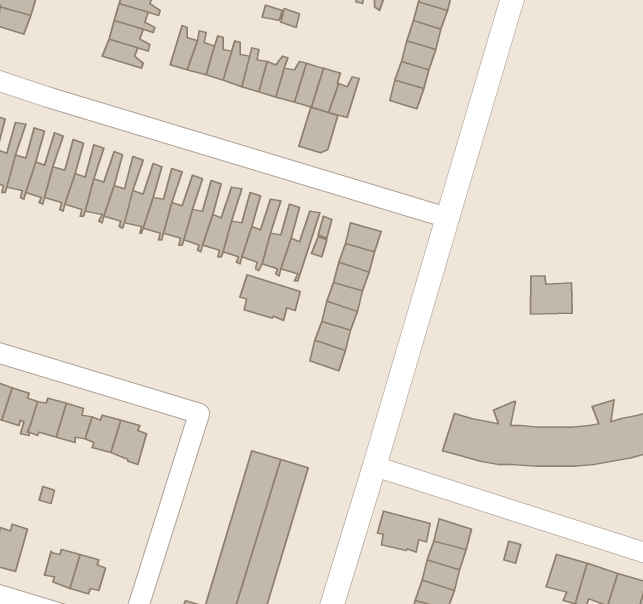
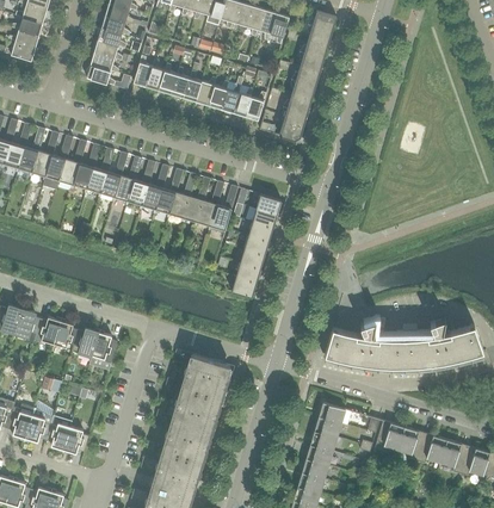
building: [299,107,338,153] -> [279,109,307,141]
building: [240,275,300,320] -> none
building: [530,276,572,314] -> none
building: [377,511,430,552] -> none
building: none -> [25,408,54,442]
building: none -> [375,421,405,451]

